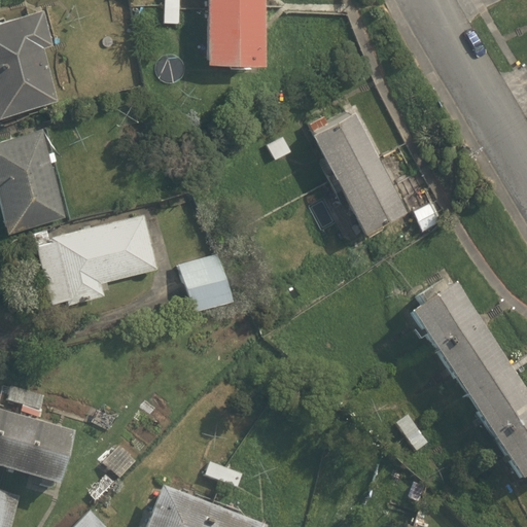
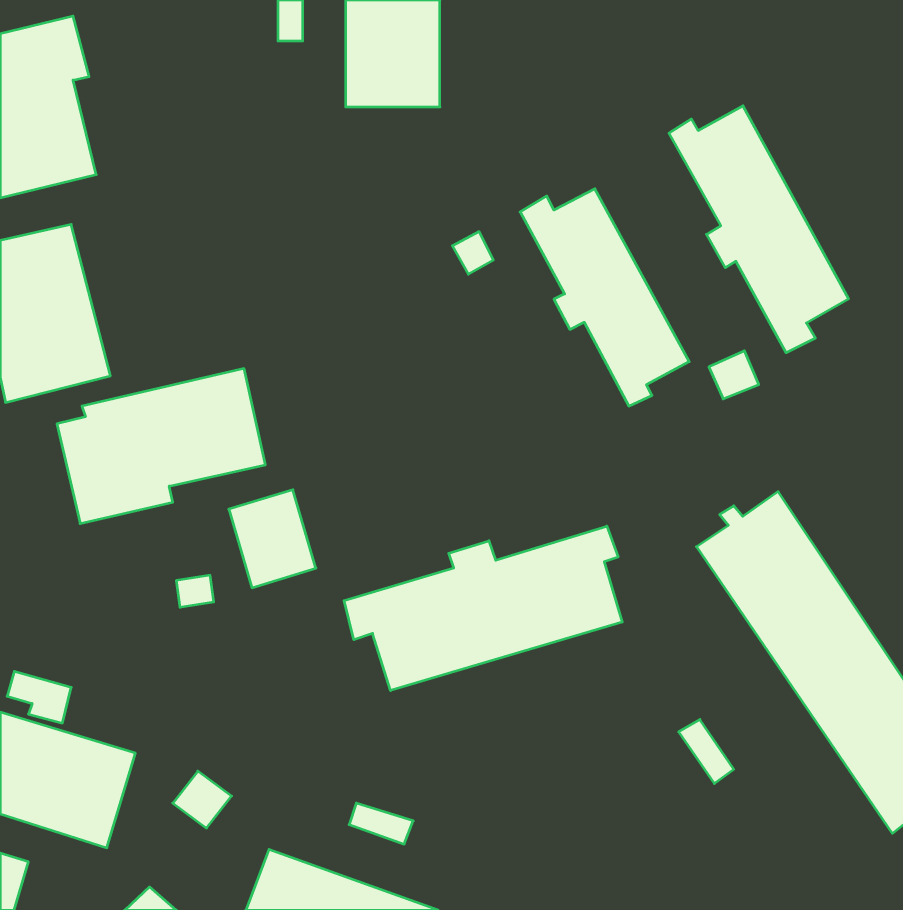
building: none -> [669,106,848,353]
building: [179,252,230,309] -> [229,490,316,588]
building: none -> [344,526,622,691]

